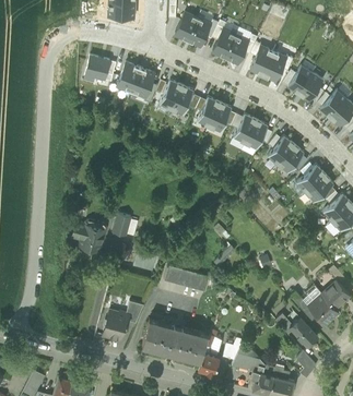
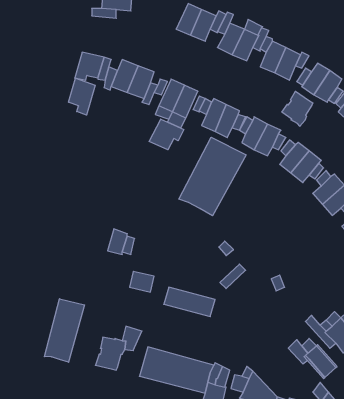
building: none -> [69,78,95,115]
building: none -> [282,91,313,126]
building: none -> [149,119,184,150]
building: none -> [179,137,246,216]
building: [75,220,106,252] -> none
building: none -> [44,299,85,362]

